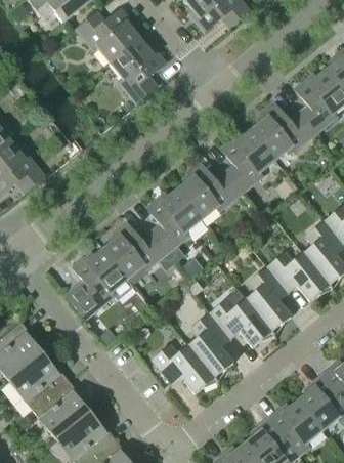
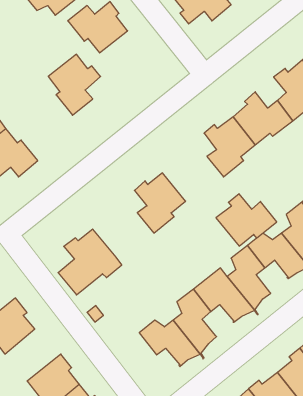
building: [110,38,165,102] -> [48,54,101,115]
building: [176,163,241,218] -> [216,194,277,246]
building: [102,222,167,278] -> none
building: [9,353,69,409] -> none

